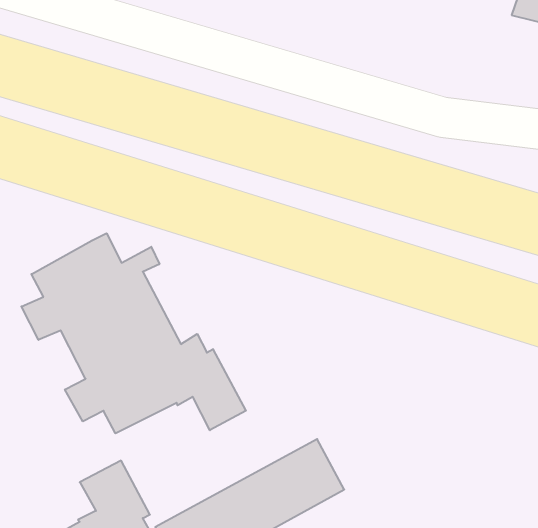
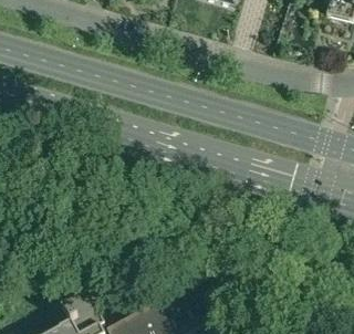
building: [21,233,246,433] -> none

